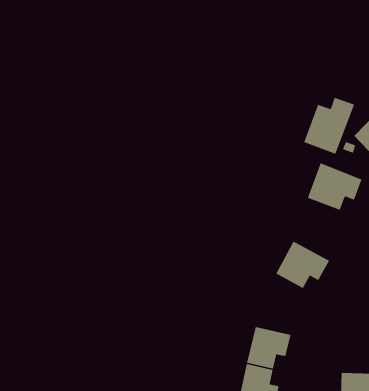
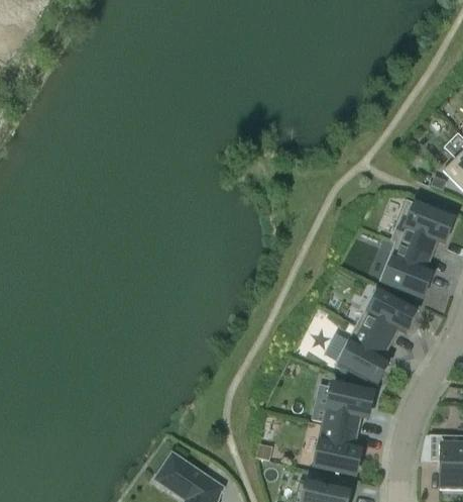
building: [303,97,355,155] -> none
building: none -> [379,239,433,298]
building: none -> [336,324,389,384]

